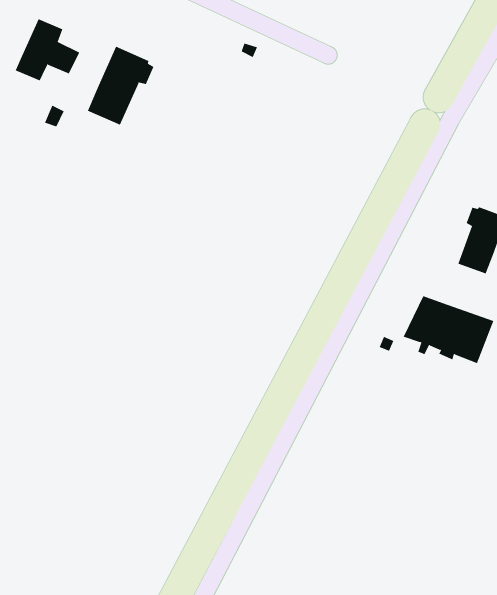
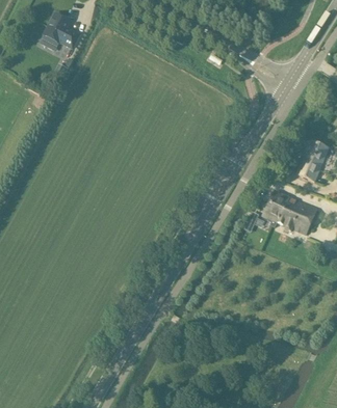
building: [87,46,154,126] -> none

